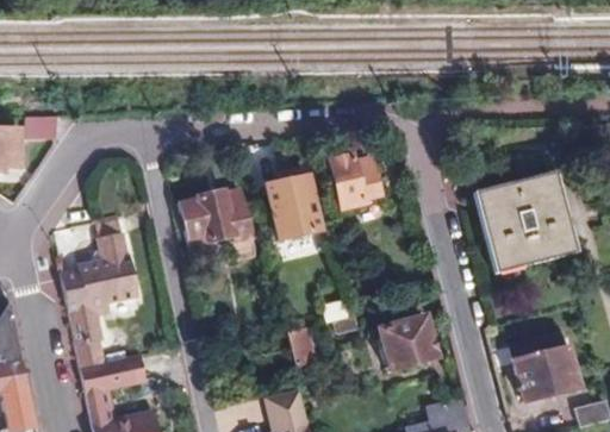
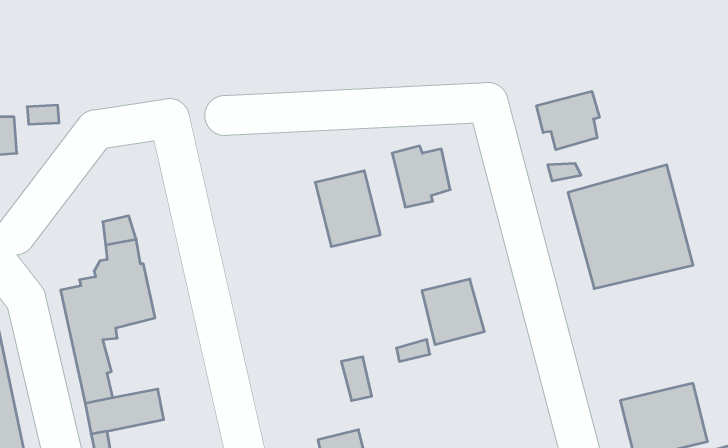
building: none -> [537,91,599,150]
building: [180,188,253,242] -> none
building: [387,315,438,369] -> [422,279,484,345]

